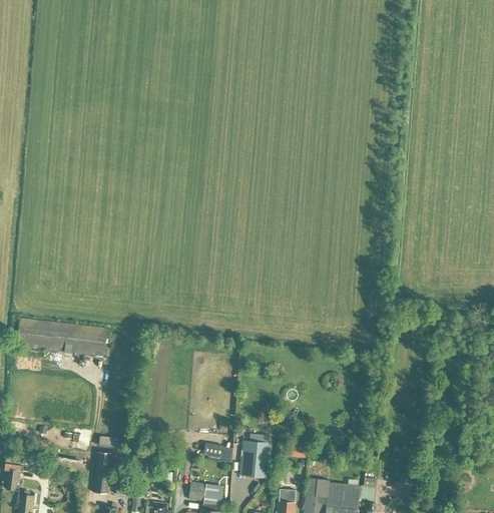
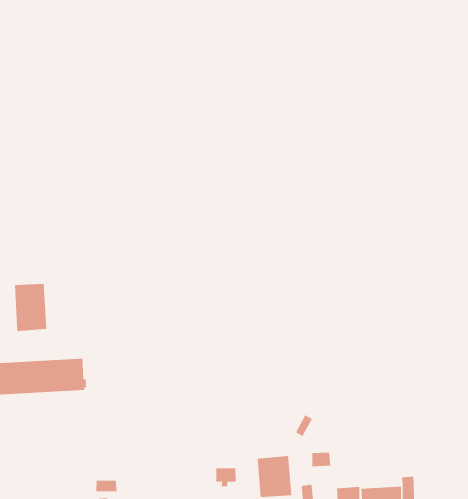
building: none -> [14,283,47,332]

